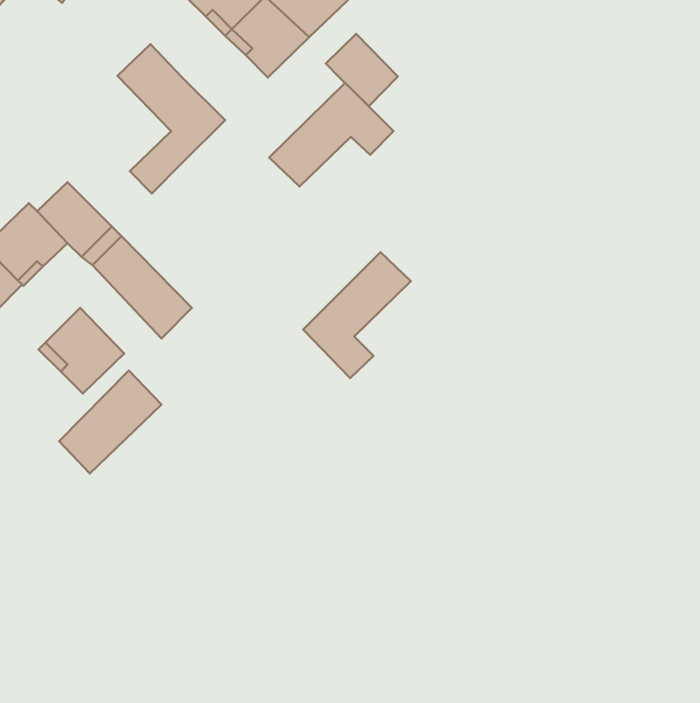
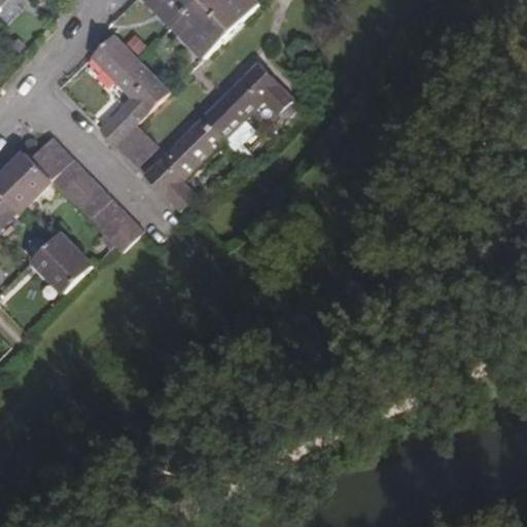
building: [326,34,398,106] -> none
building: none -> [113,121,160,168]
building: [303,252,411,378] -> [143,117,223,211]
building: [59,370,161,474] -> none

